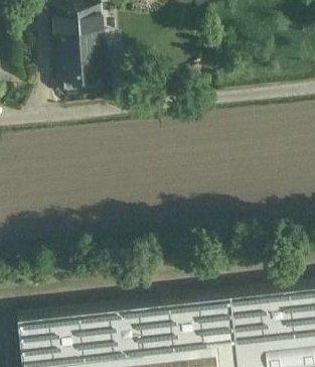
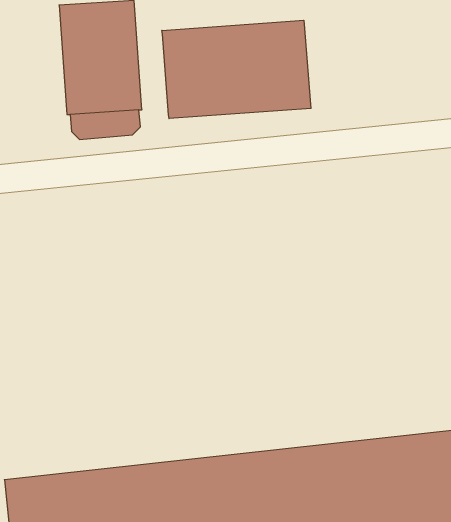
building: none -> [162,20,311,119]

